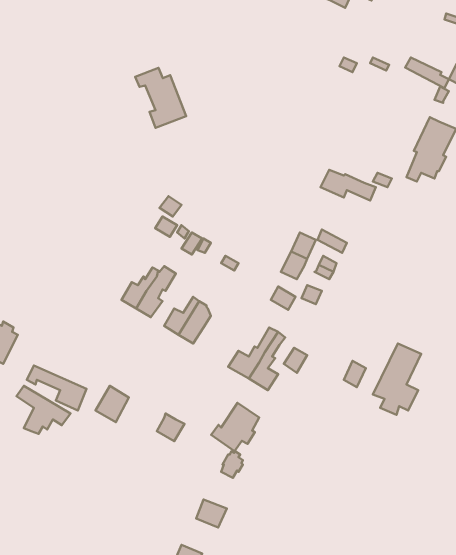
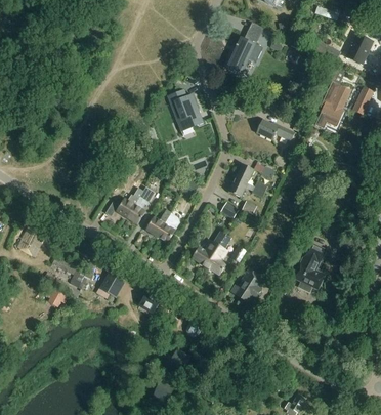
building: none -> [226,23,258,75]
building: [135,68,186,128] -> [167,89,203,131]
building: [211,403,259,451] -> [230,268,264,302]

